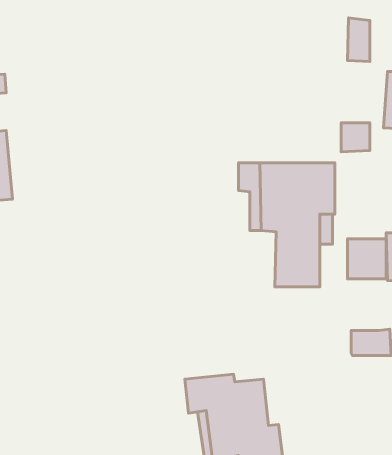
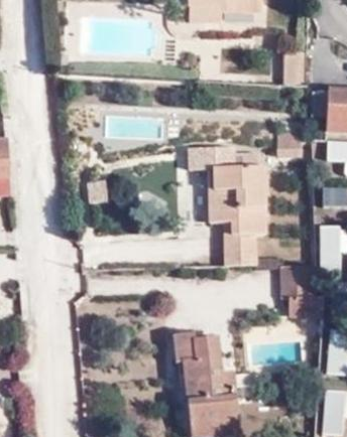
building: [348,239,386,279] -> [277,267,309,299]

